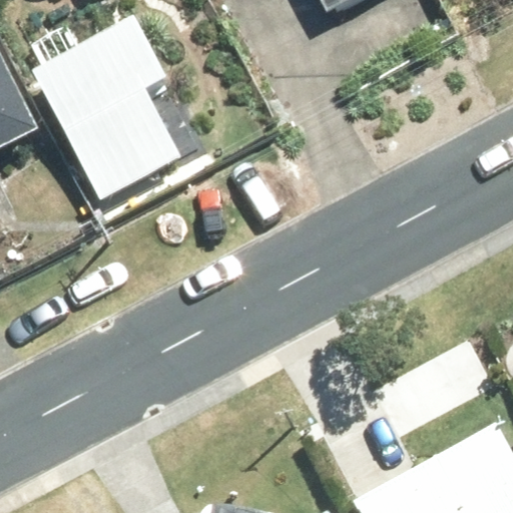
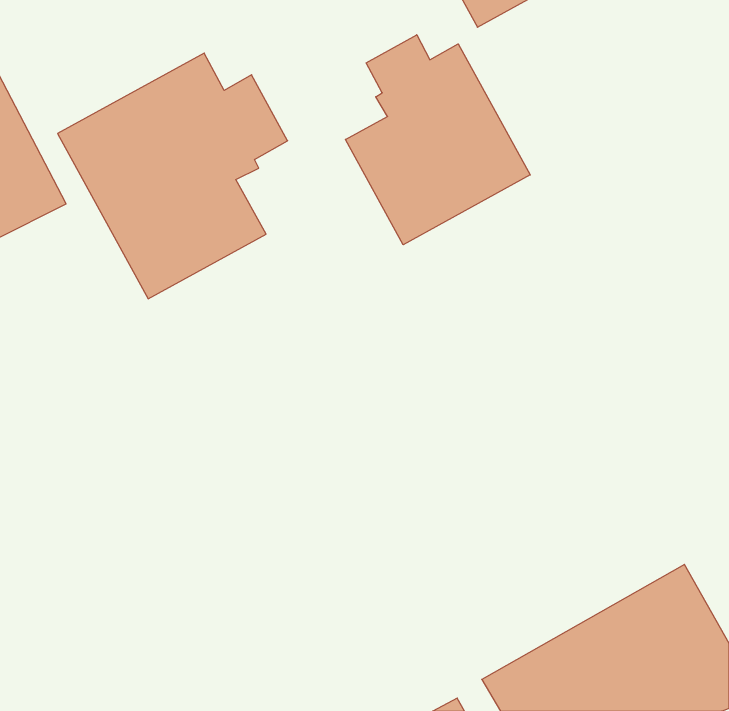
building: none -> [345,35,530,245]

